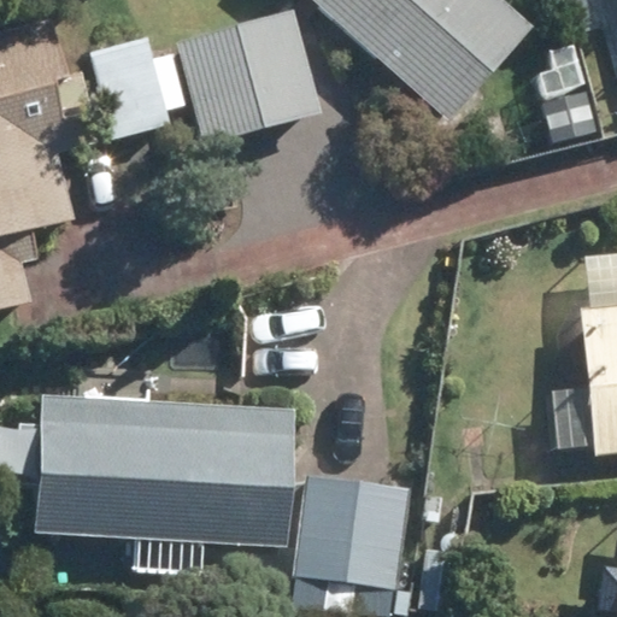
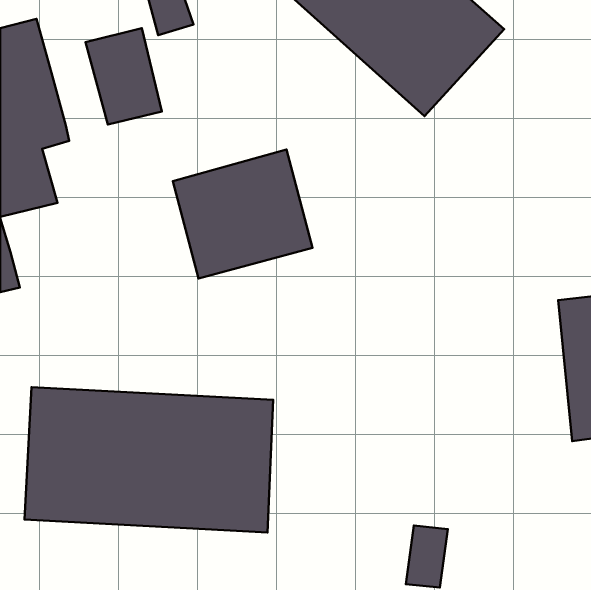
building: [178,11,322,143] -> [173,149,312,278]
building: [290,474,406,586] -> none

